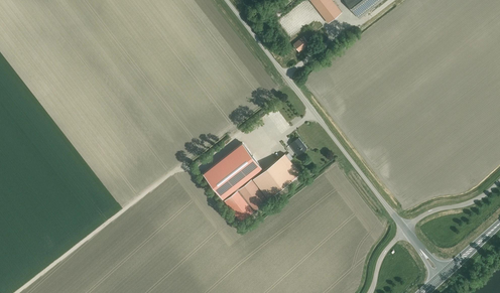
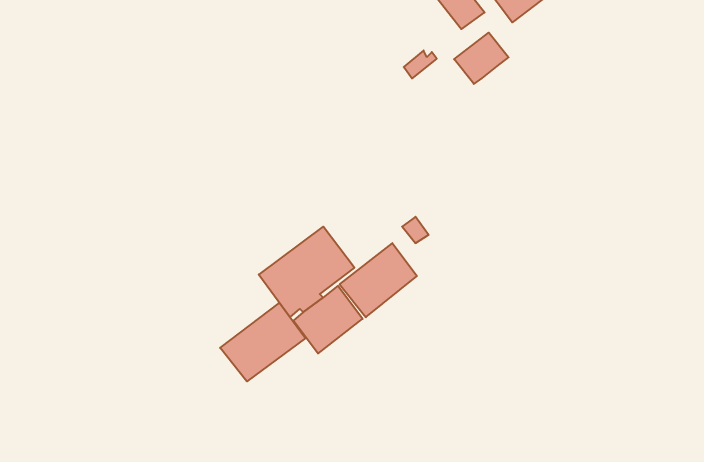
building: none -> [454,33,509,84]
building: none -> [220,303,306,381]

